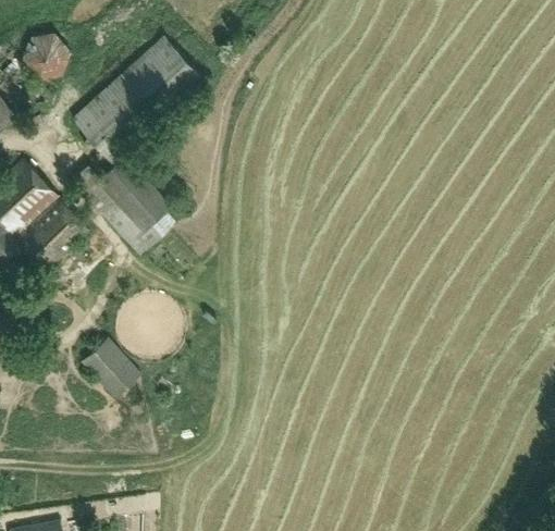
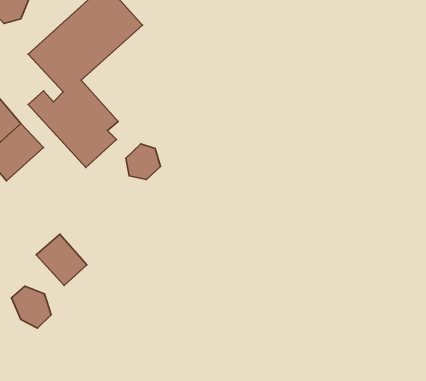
building: none -> [126,144,161,179]
building: none -> [12,286,51,328]

